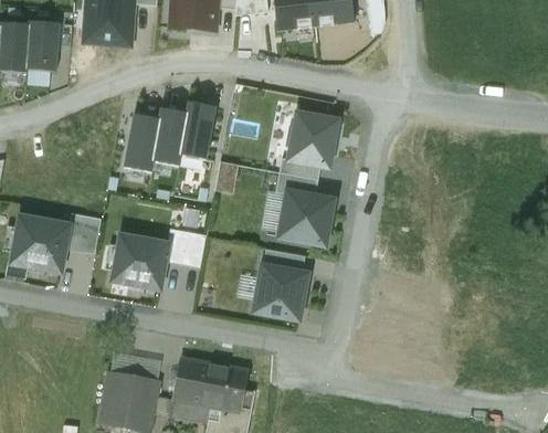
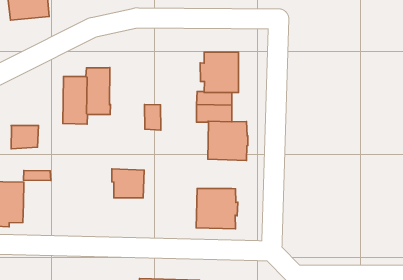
building: [180,102,217,159] -> none
building: [64,223,99,253] -> [11,125,39,149]
building: [110,233,170,291] -> none
building: [263,249,305,273] -> none

